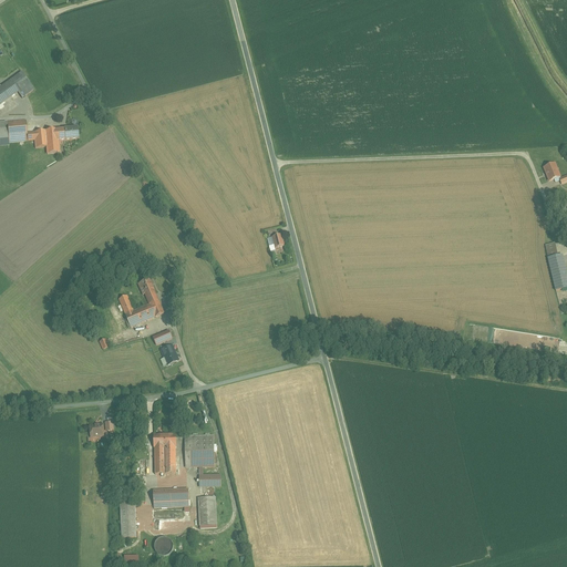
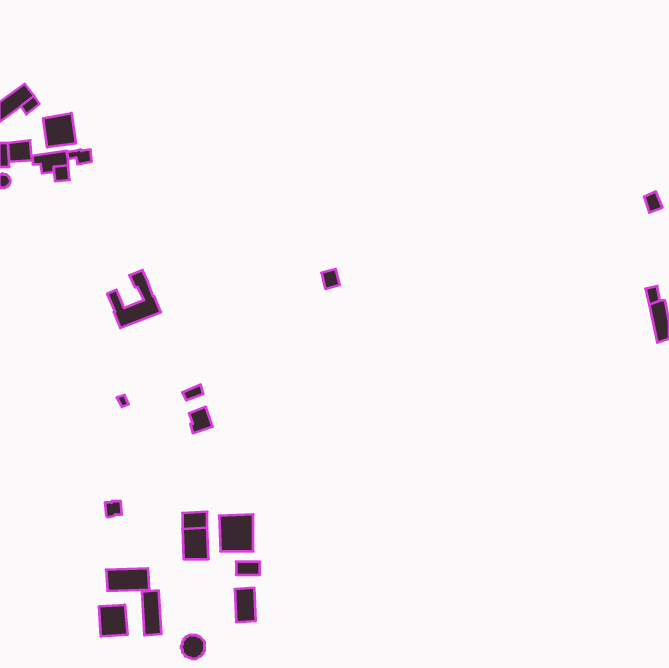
building: none -> [43,113,76,147]
building: [118,277,164,326] -> [107,270,161,328]
building: [153,488,189,507] -> [106,568,149,591]
building: none -> [99,605,127,636]

